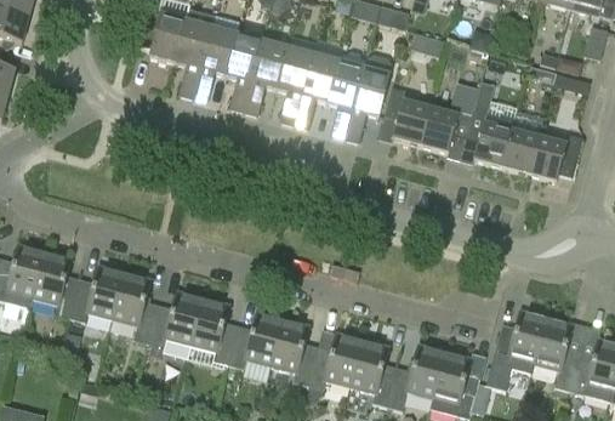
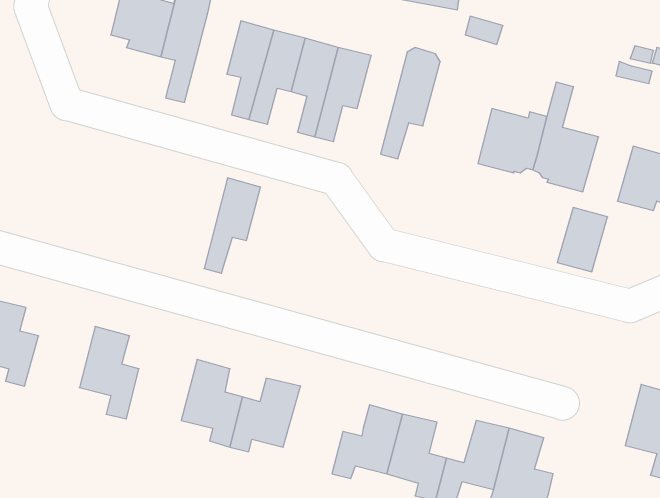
building: [193,27,237,101] -> [204,178,261,273]
building: [326,51,365,137] -> none
building: [383,86,431,144] -> none
building: [501,124,540,173] -> [557,208,608,272]
building: [69,263,124,320] -> none
building: [148,290,203,347] -> none
building: [485,308,546,389] -> none
building: [269,317,315,385] -> none

